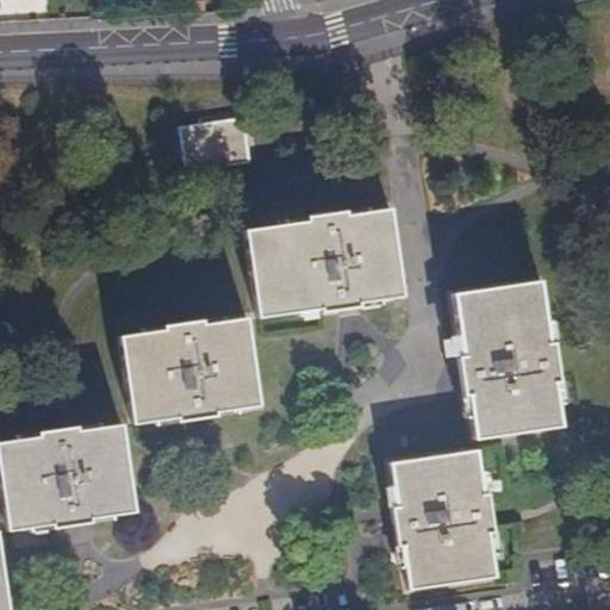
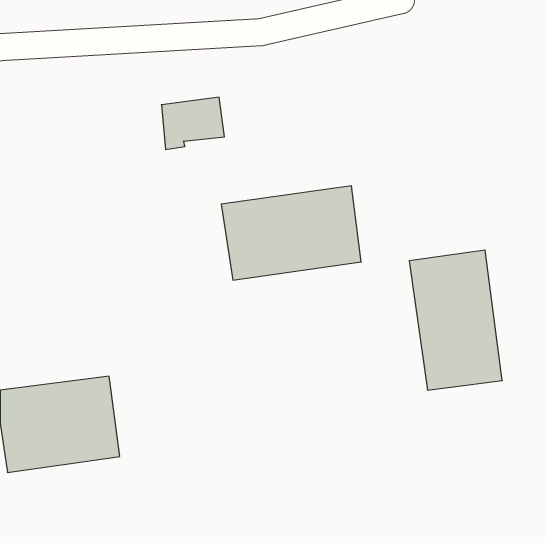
building: [123,317,259,419] -> none
building: [394,456,497,593] -> none

